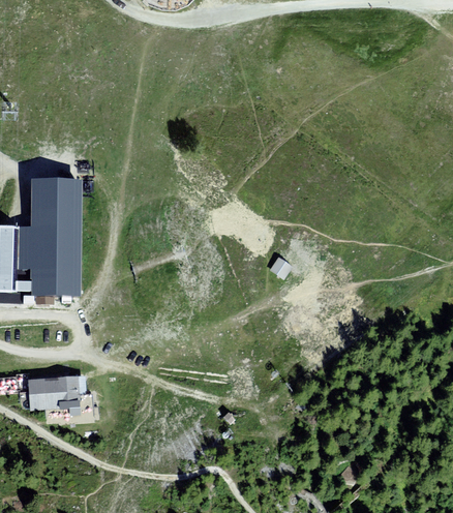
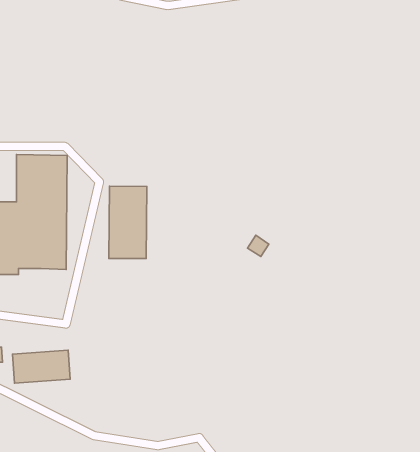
building: none -> [109,186,147,259]

